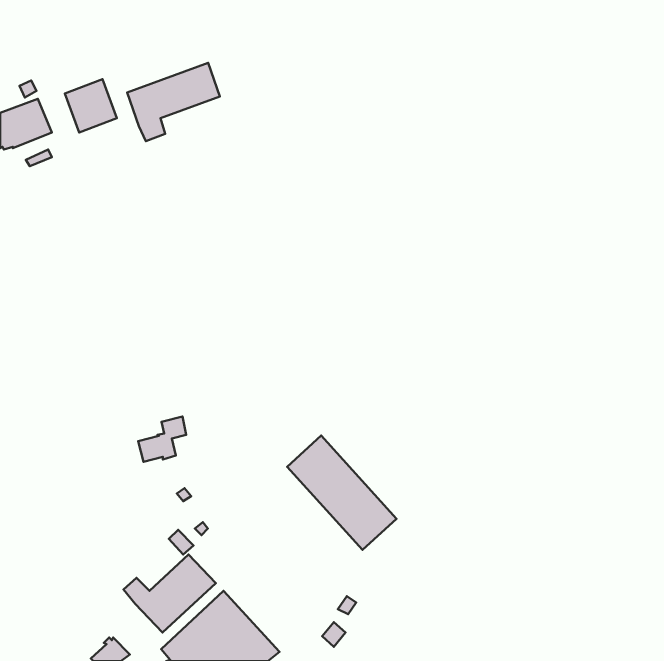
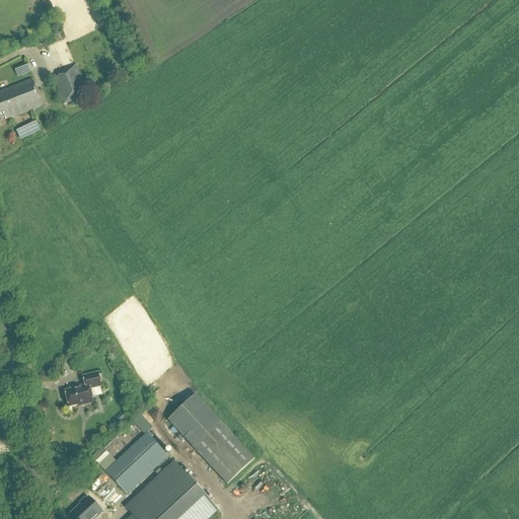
building: [127,63,220,141] -> none
building: [138,416,186,462] -> [64,371,101,406]
building: [287,436,396,550] -> [168,394,253,484]

